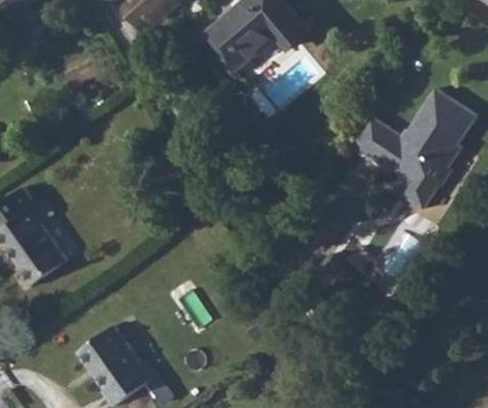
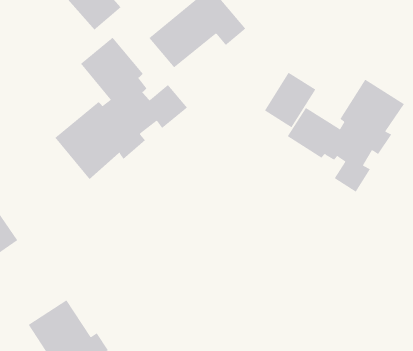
building: none -> [54,37,188,180]
building: none -> [264,72,316,128]

